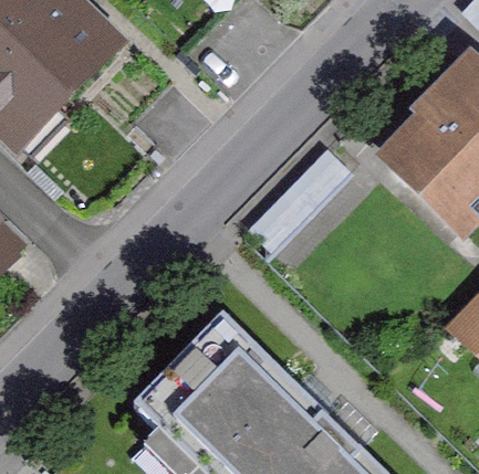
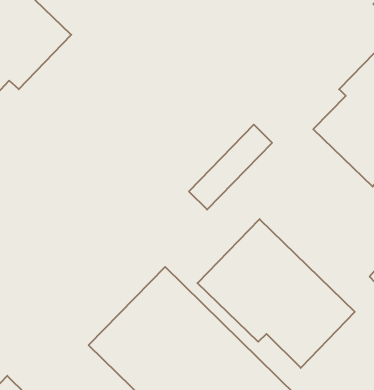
building: none -> [197,219,355,368]

